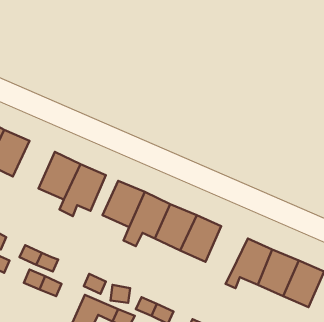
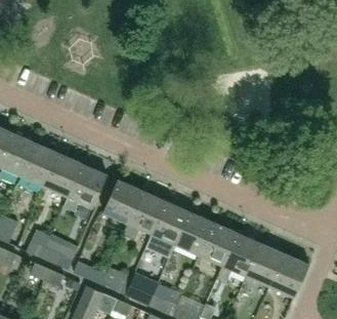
building: none -> [19,143,58,187]
building: none -> [198,222,237,265]

